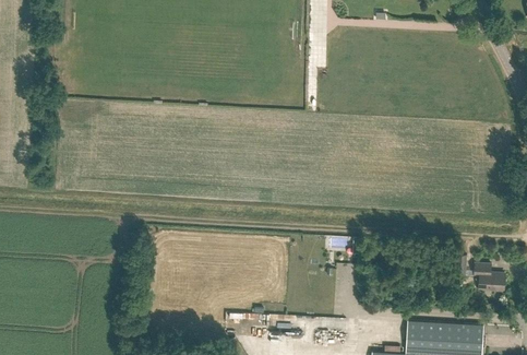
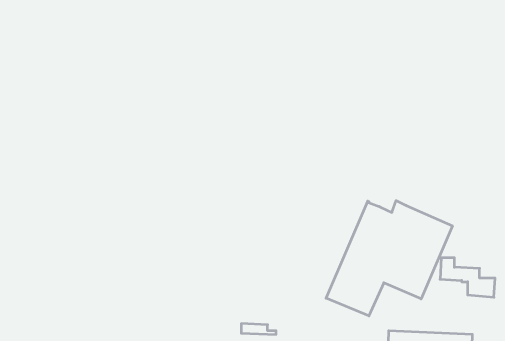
building: none -> [326,201,452,316]

